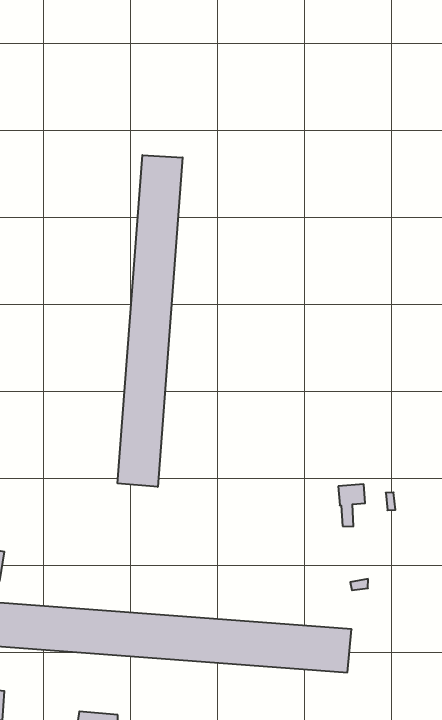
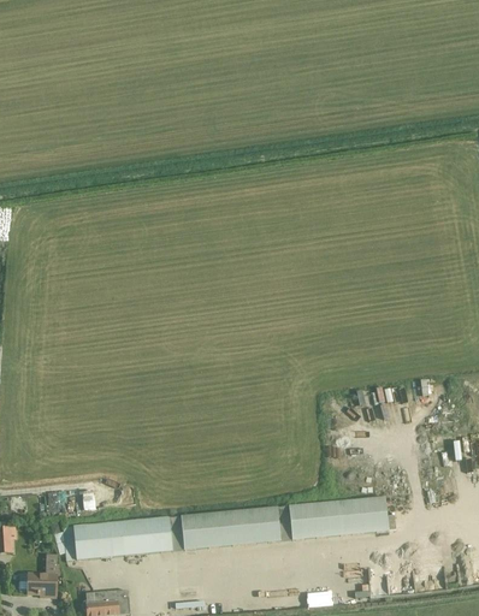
building: [118,155,183,487] -> none

